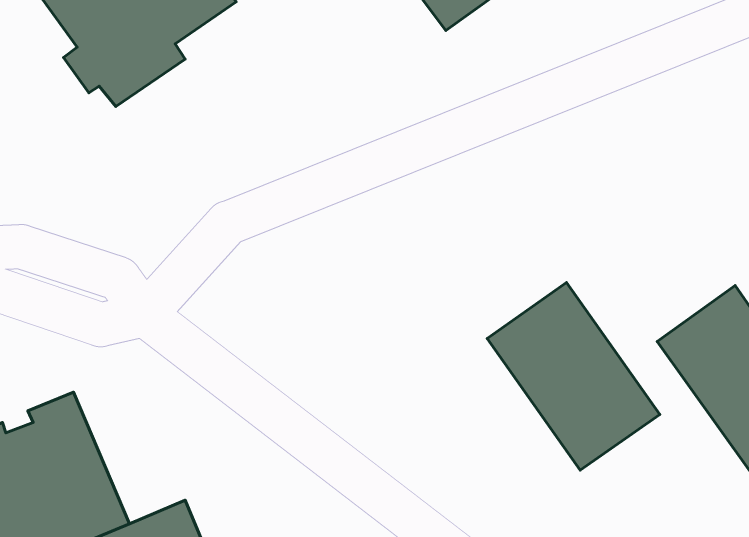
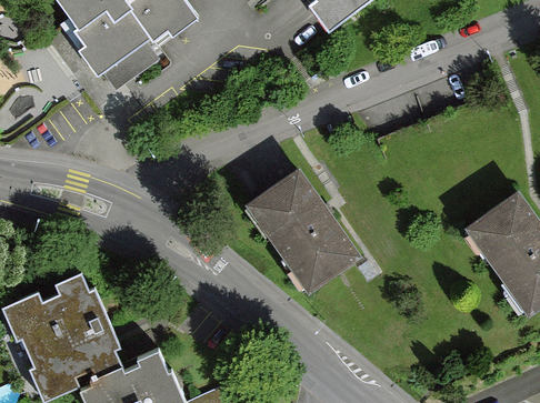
building: [487,283,660,470] -> [246,177,359,300]

